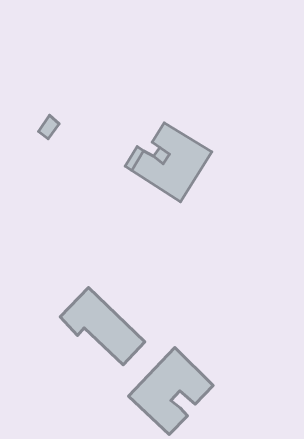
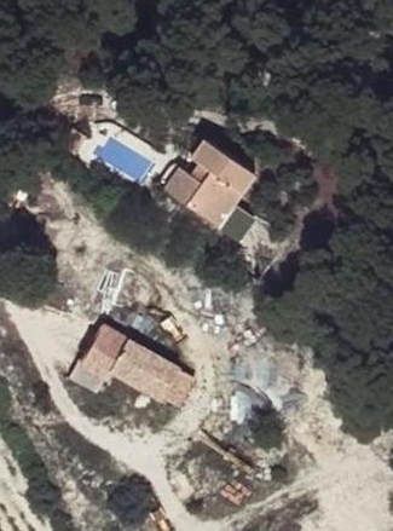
building: [128,348,213,434] -> none

